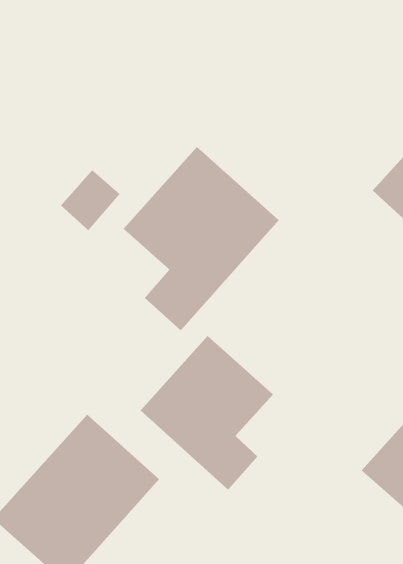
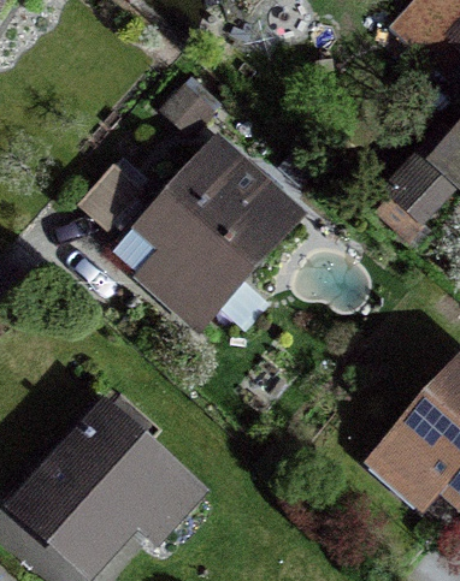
building: [140,335,274,490] -> none

